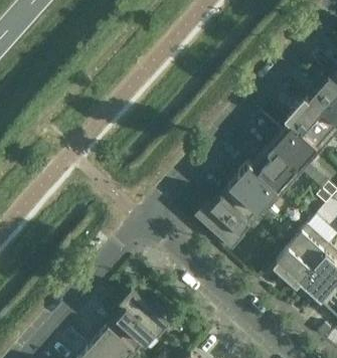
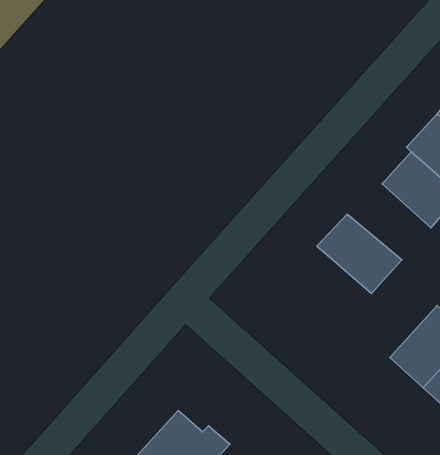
building: [247,143,303,193] -> none
building: [199,184,264,247] -> none

